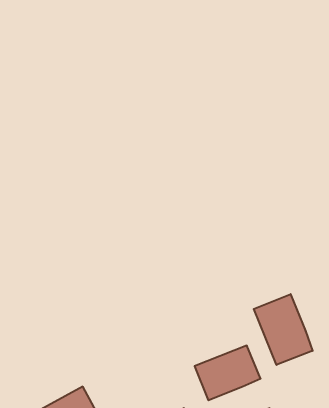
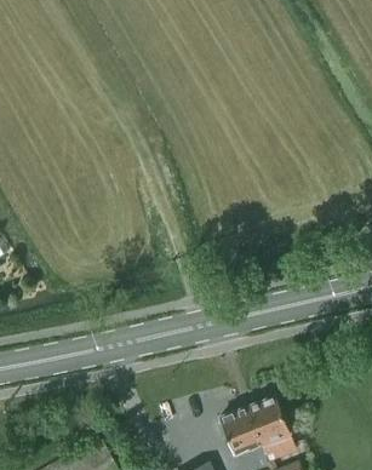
building: [254,294,313,365] -> none

